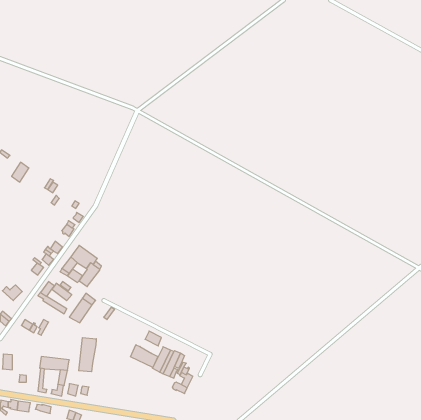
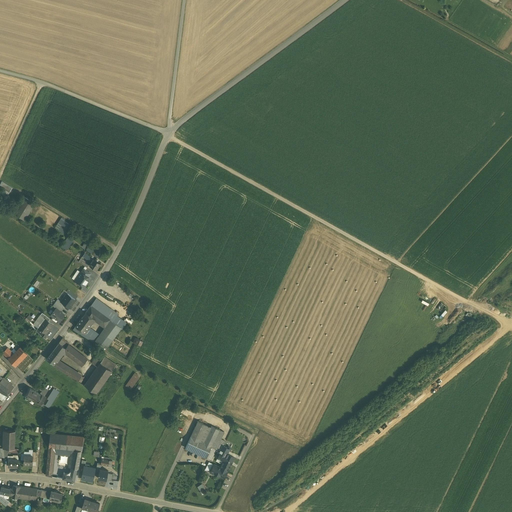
building: [79,338,96,372] -> none
building: [130,345,158,368] -> none

